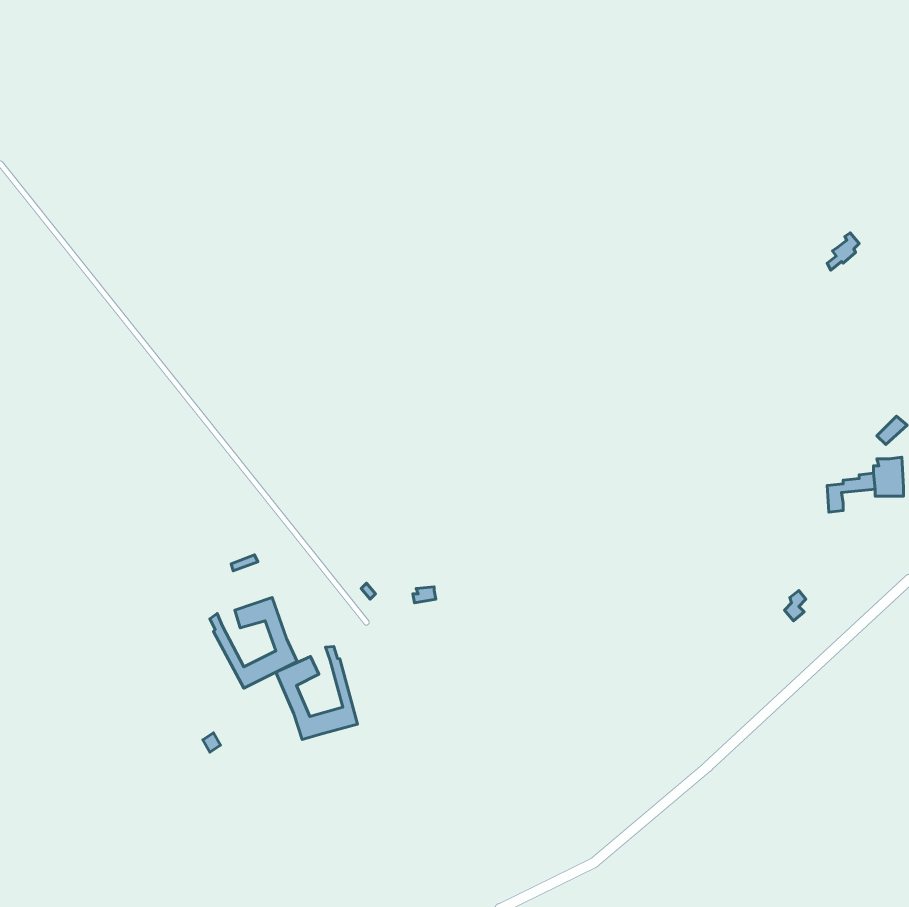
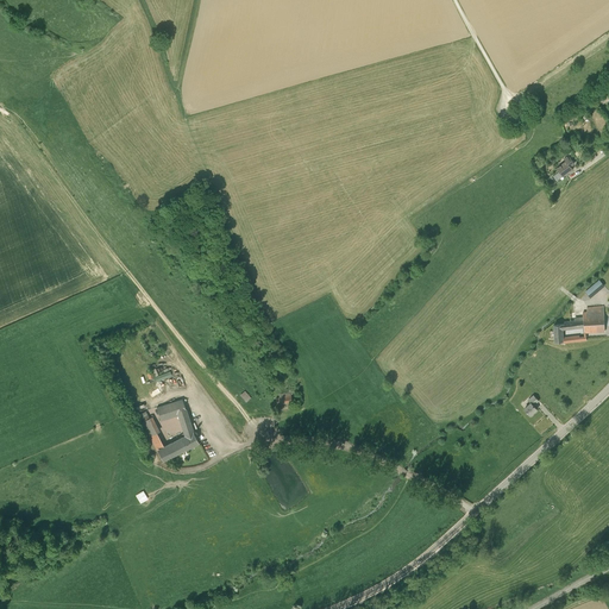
building: [276,647,358,739] -> none

